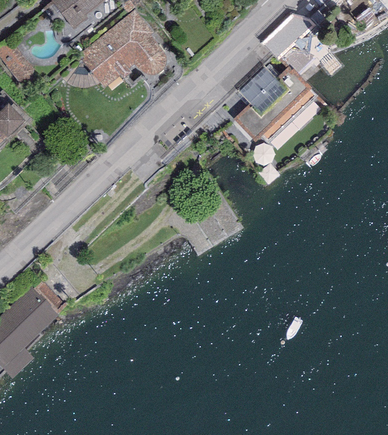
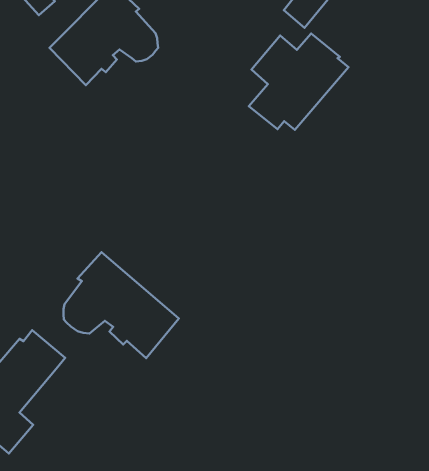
building: none -> [63,252,179,358]

